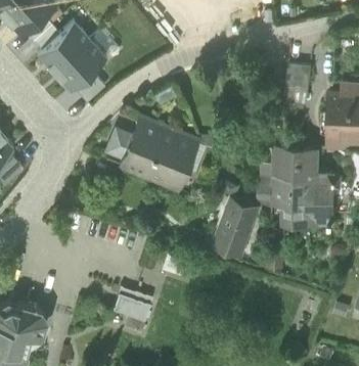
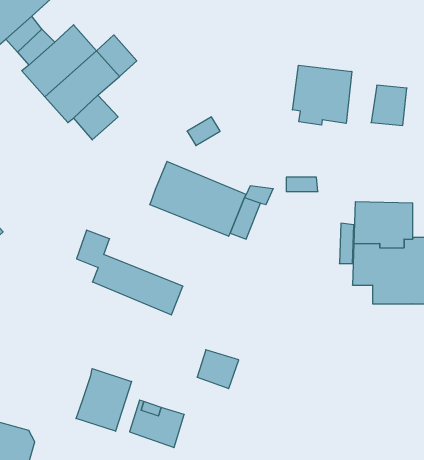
building: none -> [292,65,352,125]
building: [107,131,183,191] -> [77,230,183,315]
building: [213,197,258,257] -> none
building: none -> [76,369,132,431]

